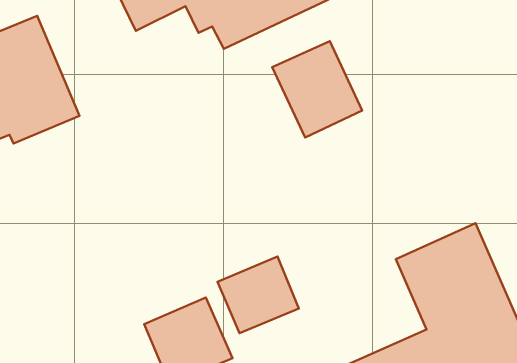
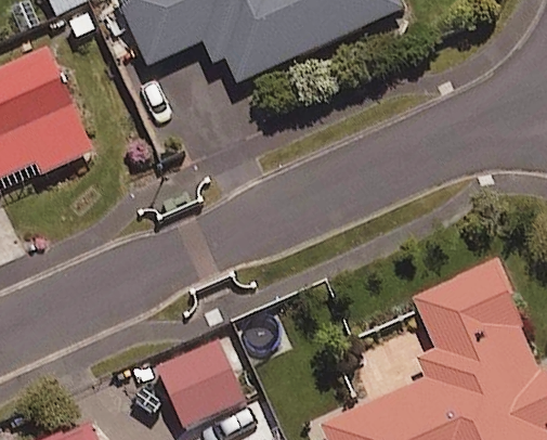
building: [272,41,362,138] -> none
building: [218,256,299,333] -> none

